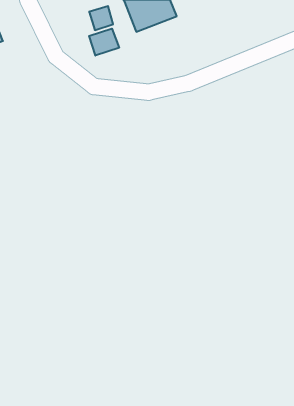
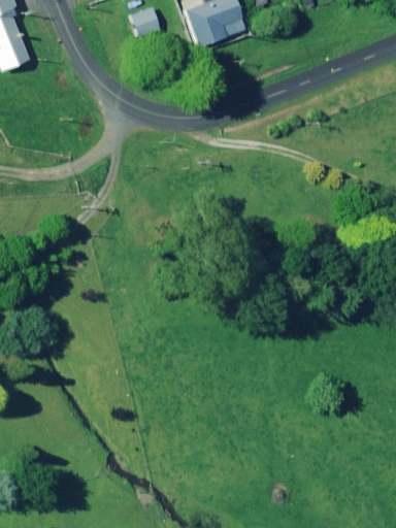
building: [89,29,119,56] -> none

